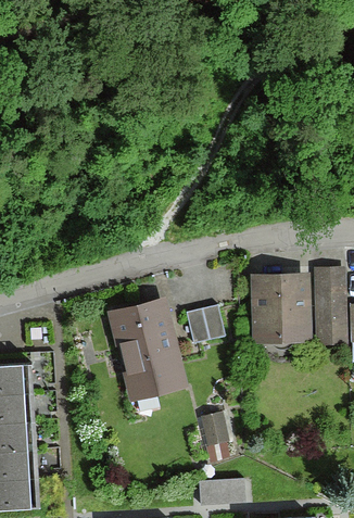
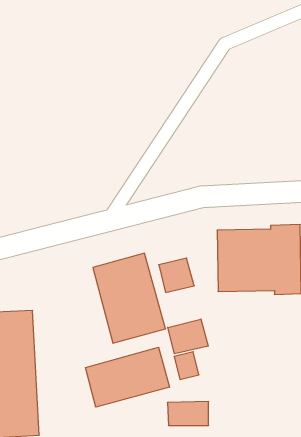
building: none -> [168,319,208,354]
building: none -> [85,347,169,407]

